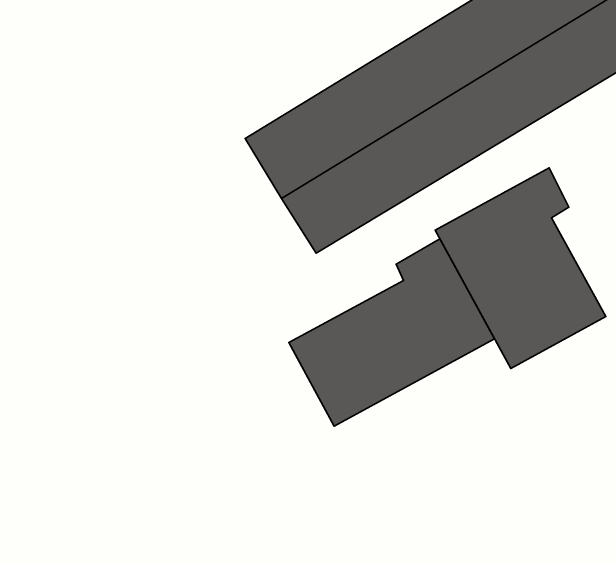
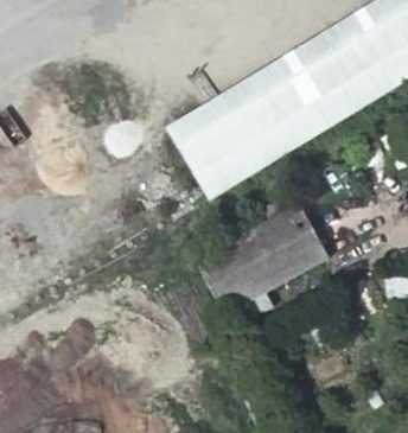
building: [435,168,606,369] -> none

